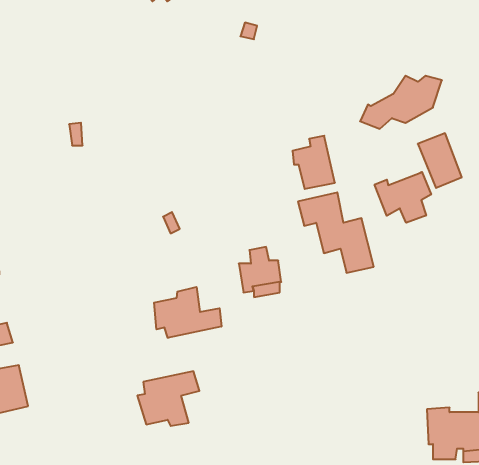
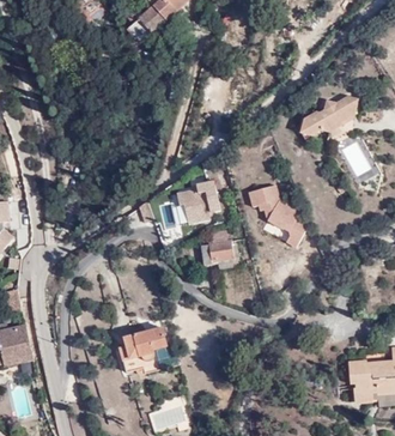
building: [292,136,335,189] -> [177,180,211,222]
building: [375,172,431,223] -> none
building: [154,287,221,338] -> none

